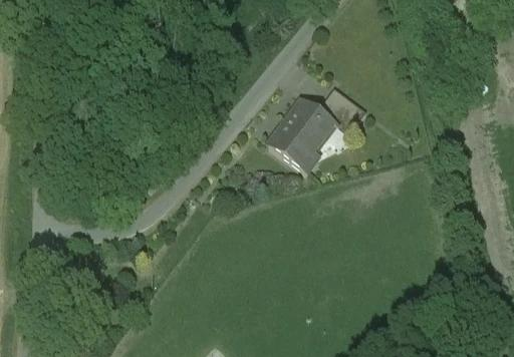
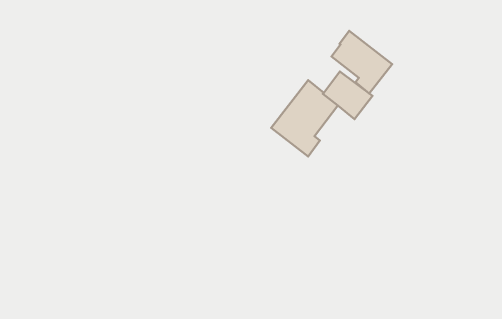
building: none -> [331,31,392,93]

